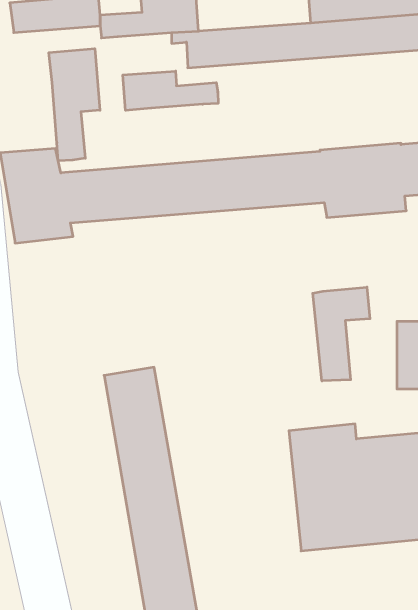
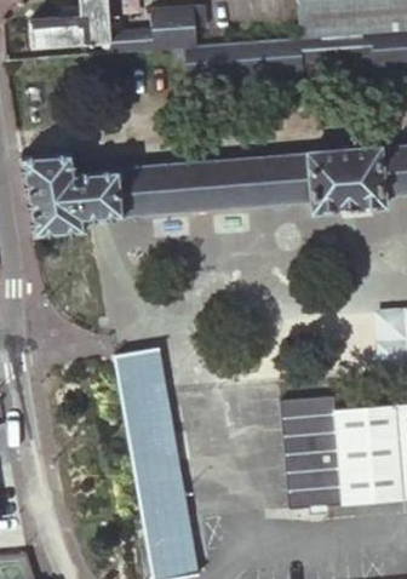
building: [49,49,100,161] -> none
building: [123,71,218,110] -> none
building: [313,287,370,381] -> none

